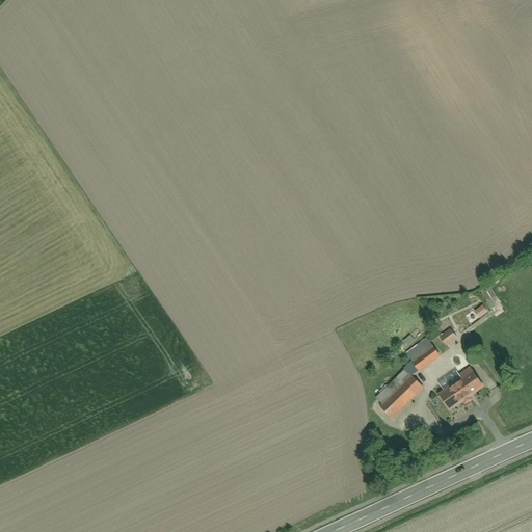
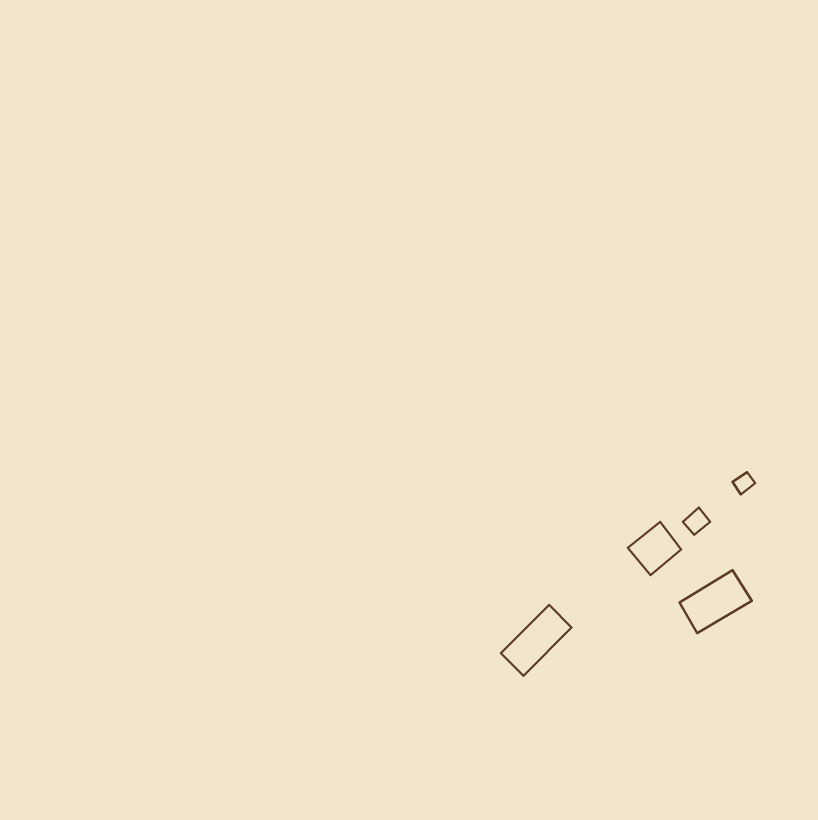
building: [376,371,422,417] -> [501,605,572,676]

